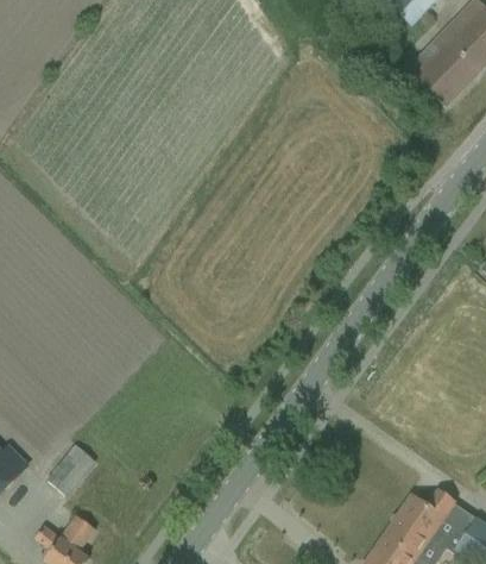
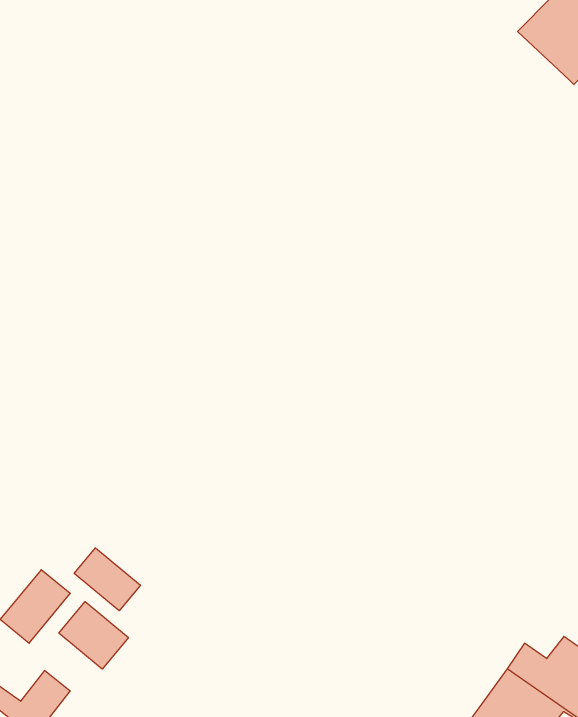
building: none -> [74,548,140,611]
building: none -> [59,602,128,669]

